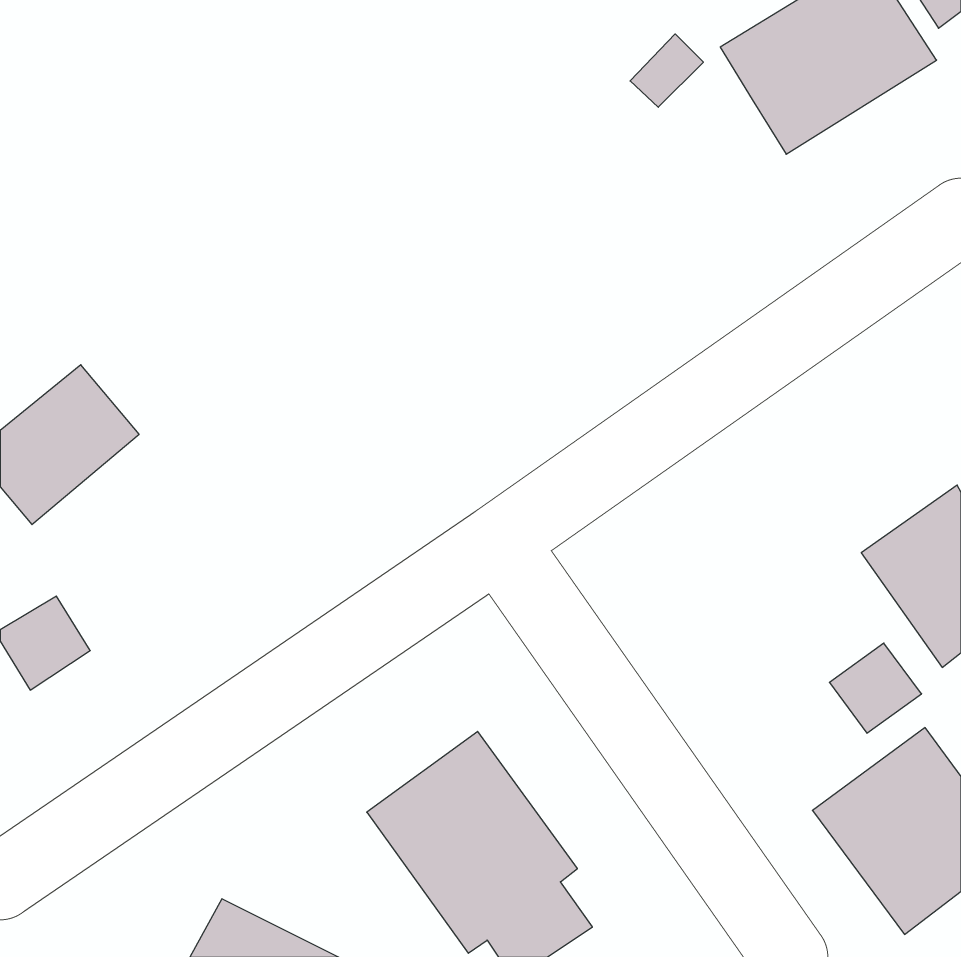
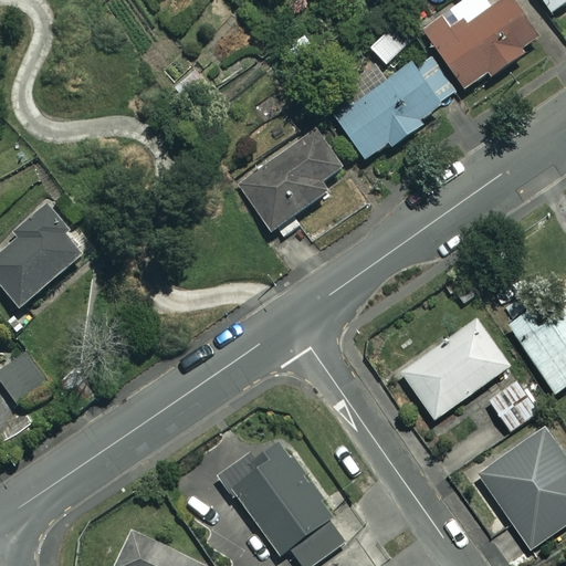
building: none -> [329,57,462,163]
building: none -> [237,125,344,233]
building: none -> [400,319,509,419]

